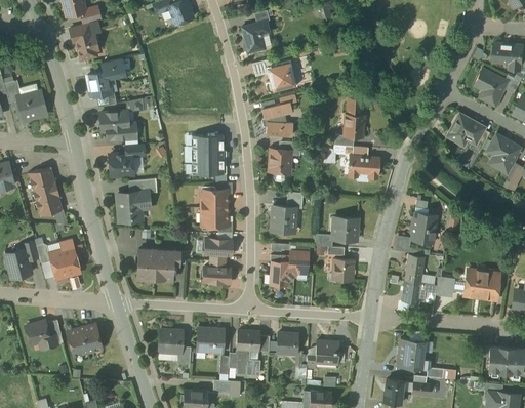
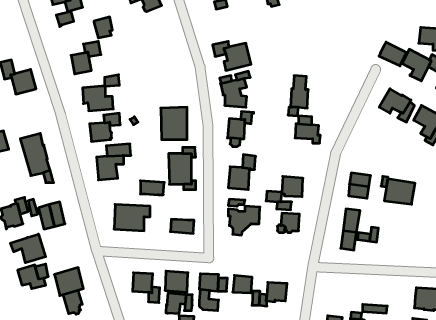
building: [242,22,269,53] -> none
building: [76,35,97,59] -> [94,17,112,38]
building: none -> [379,42,407,66]
building: [205,239,233,255] -> [140,181,164,195]
building: [463,270,499,299] -> [384,179,415,204]
building: none -> [10,234,46,263]
building: [398,339,423,369] -> none
building: none -> [63,290,82,314]
building: none -> [166,293,186,314]

